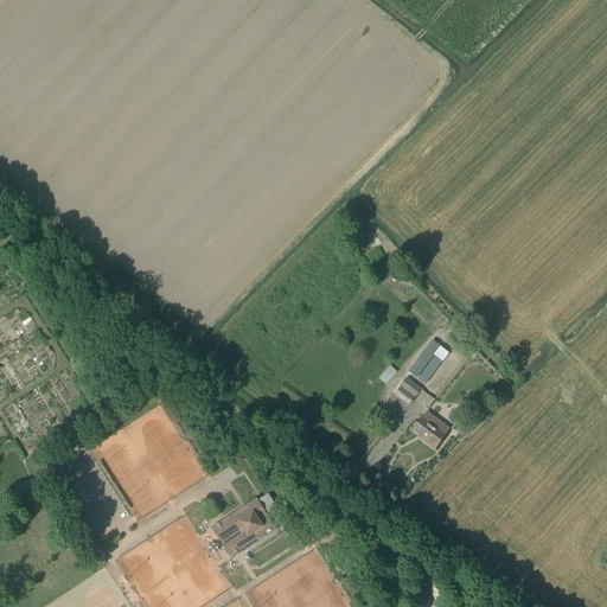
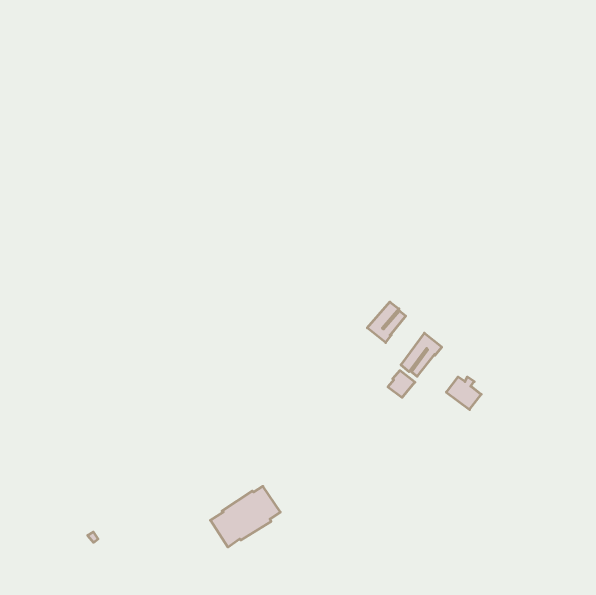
building: none -> [367,302,406,343]
building: [410,415,446,448] -> [446,377,481,410]

